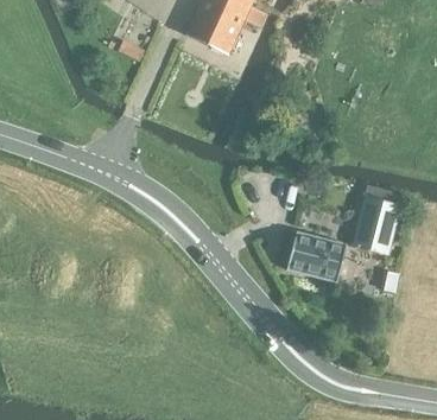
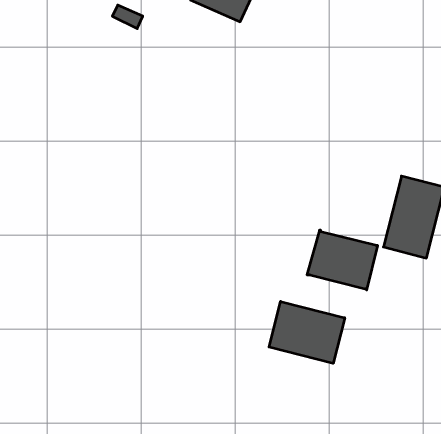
building: none -> [269,301,345,363]

